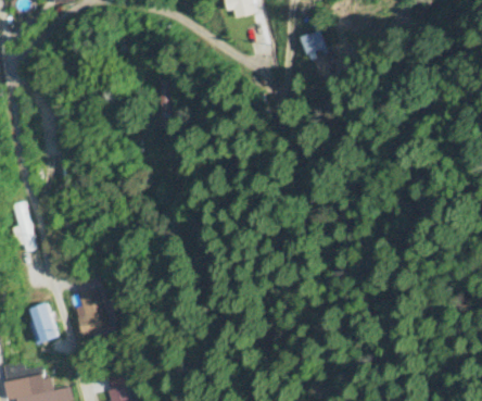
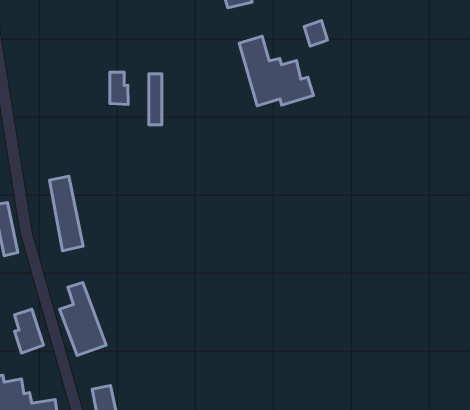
building: none -> [239,36,314,106]
building: none -> [110,72,128,104]
building: none -> [49,176,83,251]

